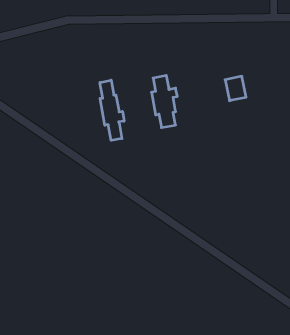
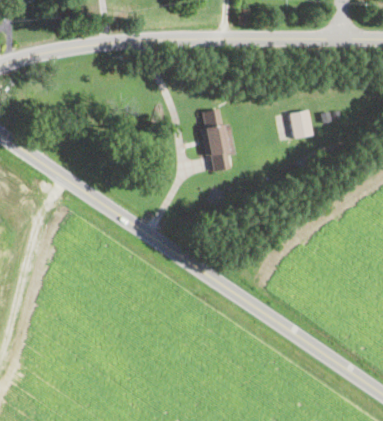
building: [100,80,124,140] -> none

